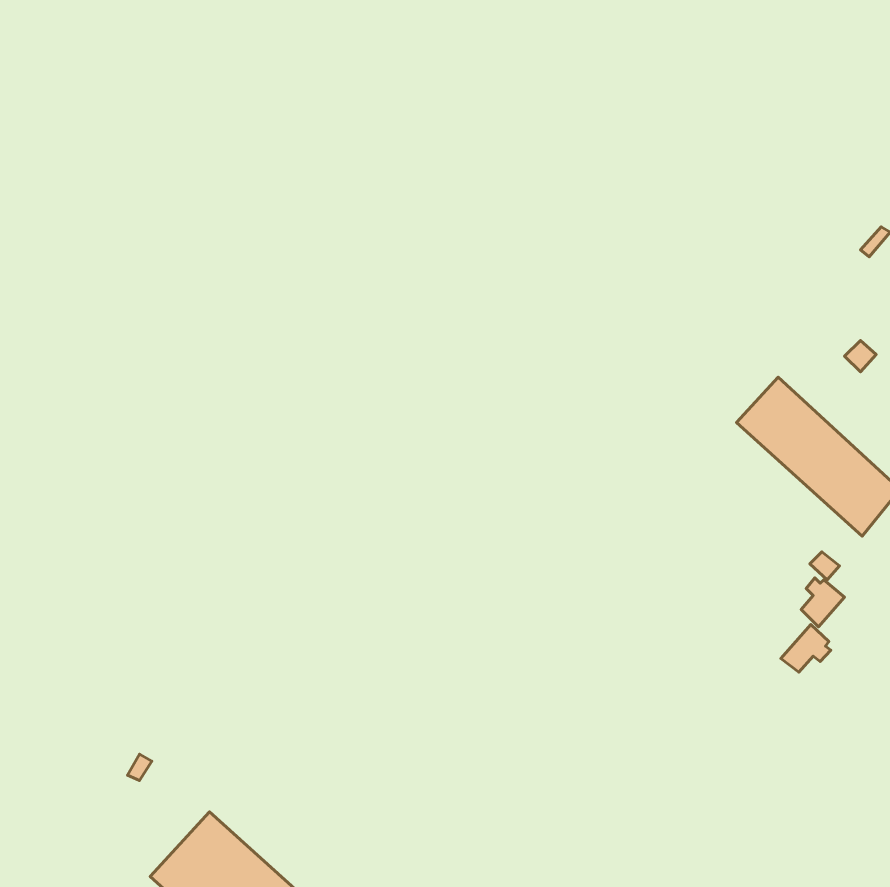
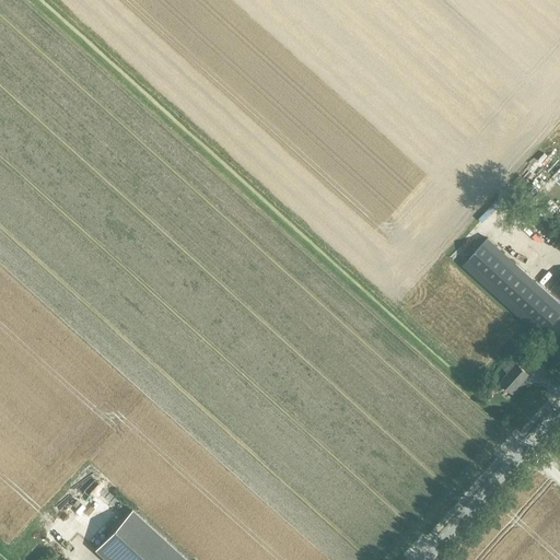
building: [781,624,831,672] -> none

